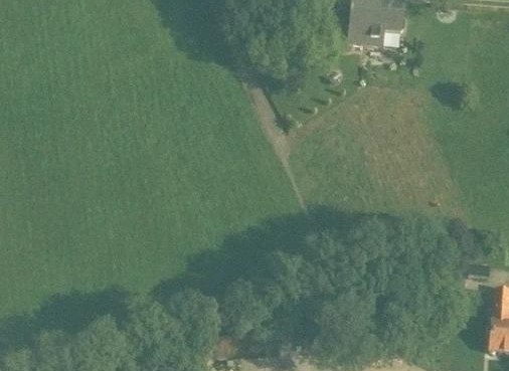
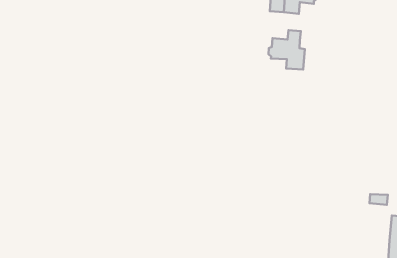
building: none -> [269,30,305,69]

